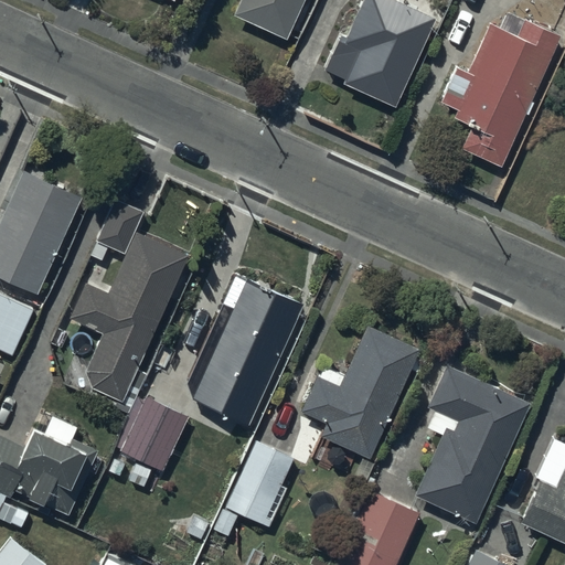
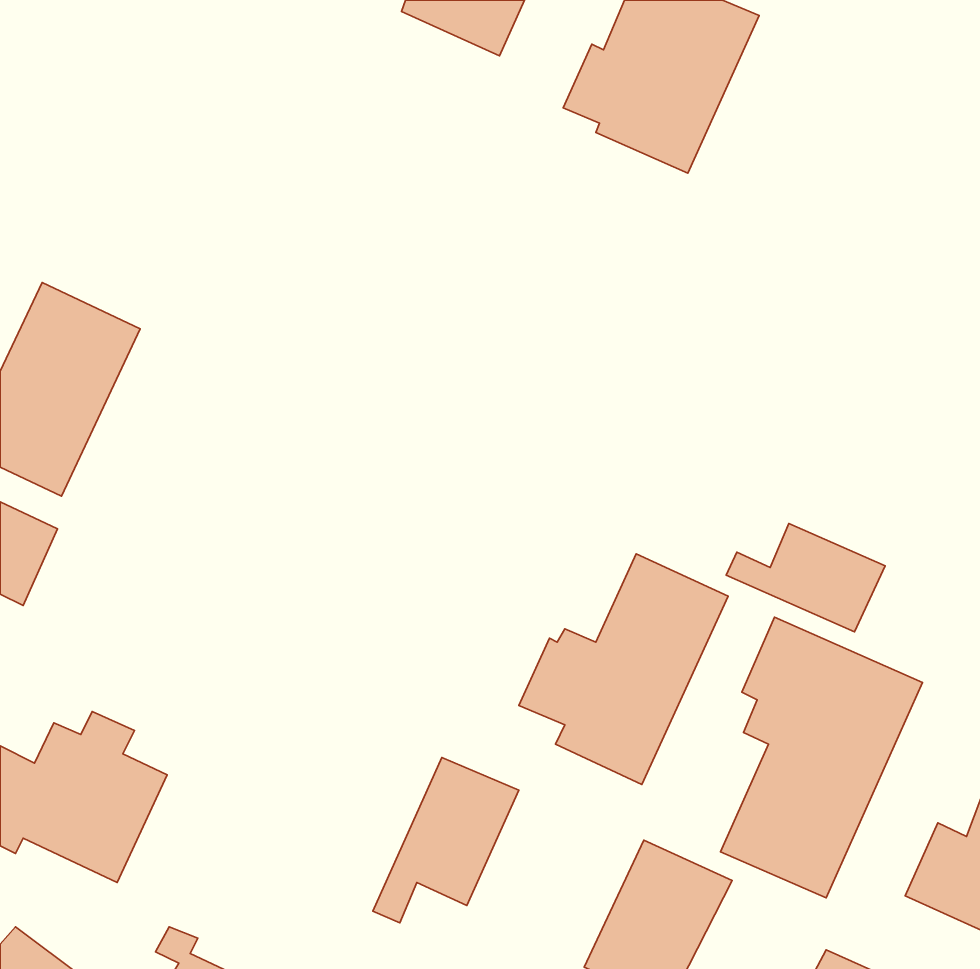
building: [441,18,559,166] -> none
building: [70,199,188,402] -> none
building: [192,275,306,424] -> none
building: none -> [726,524,885,632]
building: [116,396,189,471] -> none

